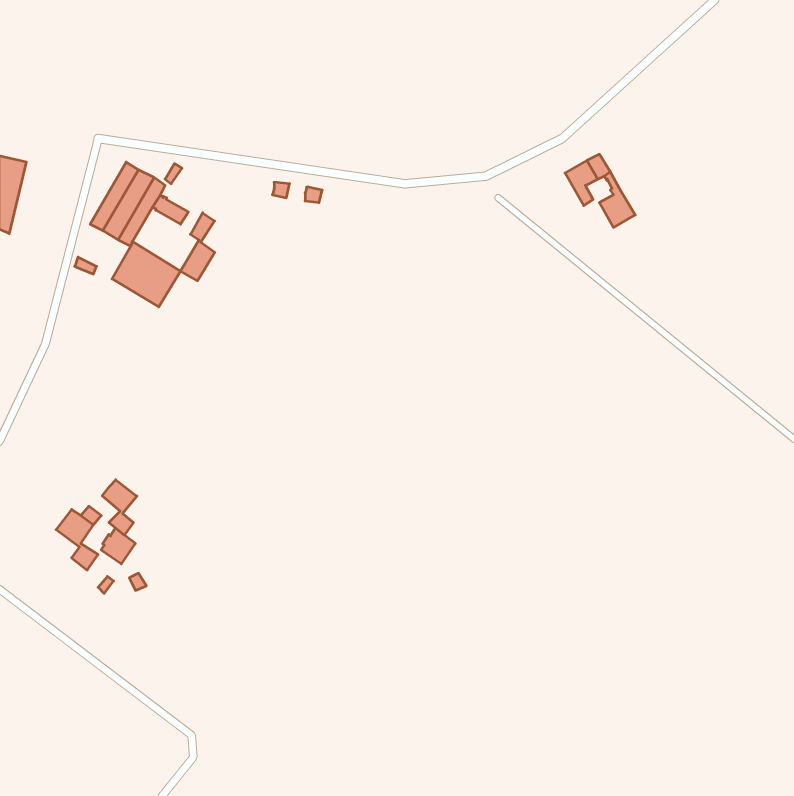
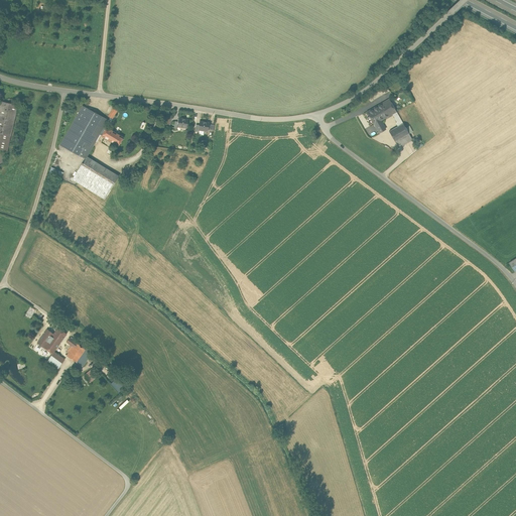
building: [181,213,215,281] -> none
building: [102,480,137,535] -> none

